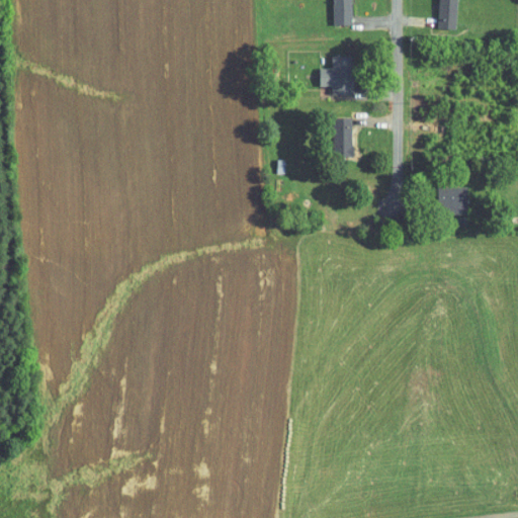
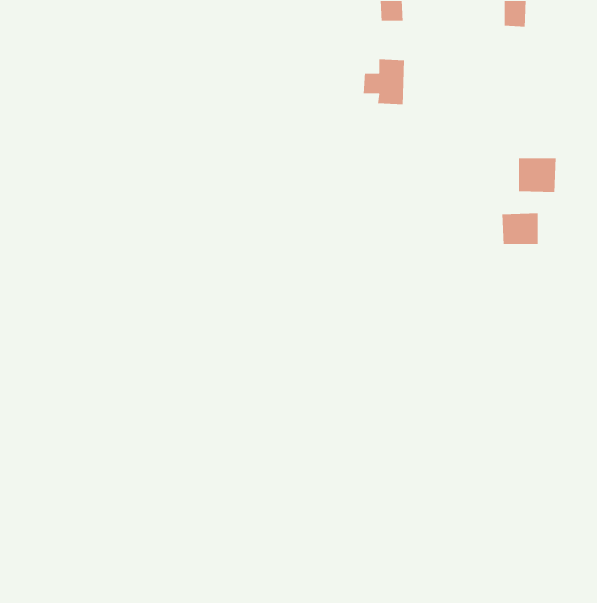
building: [334,117,354,158] -> none
building: none -> [518,157,557,193]

